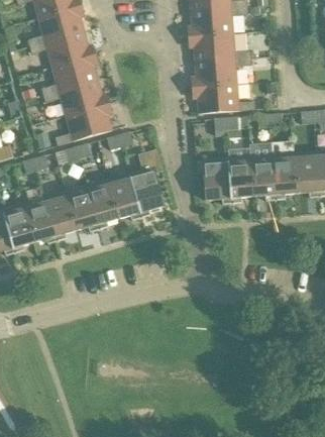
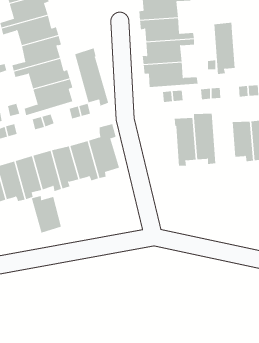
building: none -> [74,47,109,107]
building: [270,140,296,200] -> [213,22,236,74]
building: [201,157,231,204] -> none
building: none -> [31,195,61,234]

